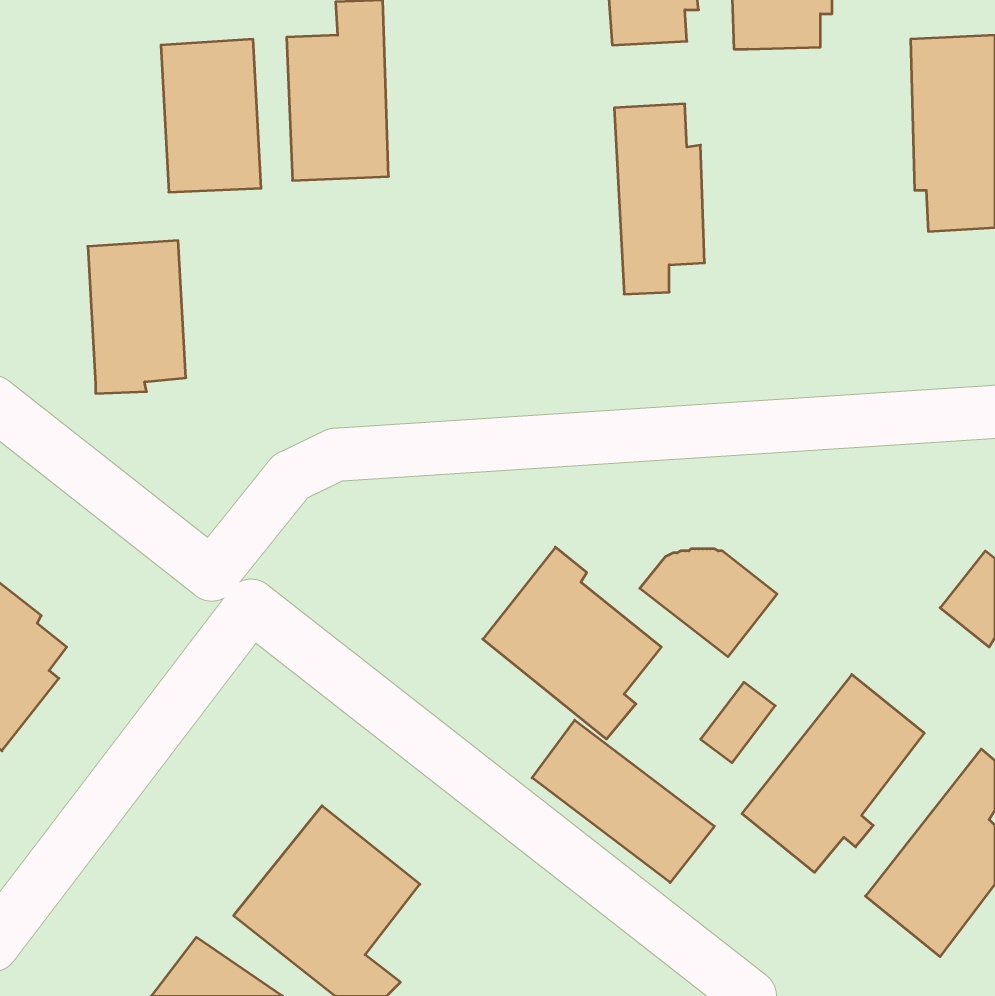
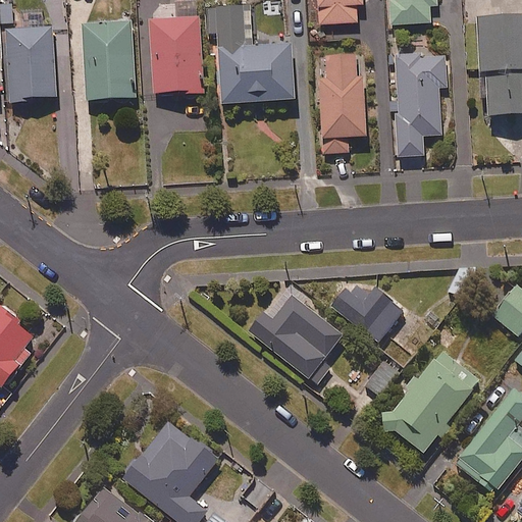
building: none -> [206,5,296,105]
building: none -> [390,54,443,158]
building: [88,241,186,393] -> [5,25,56,105]
building: [532,720,714,883] -> none

